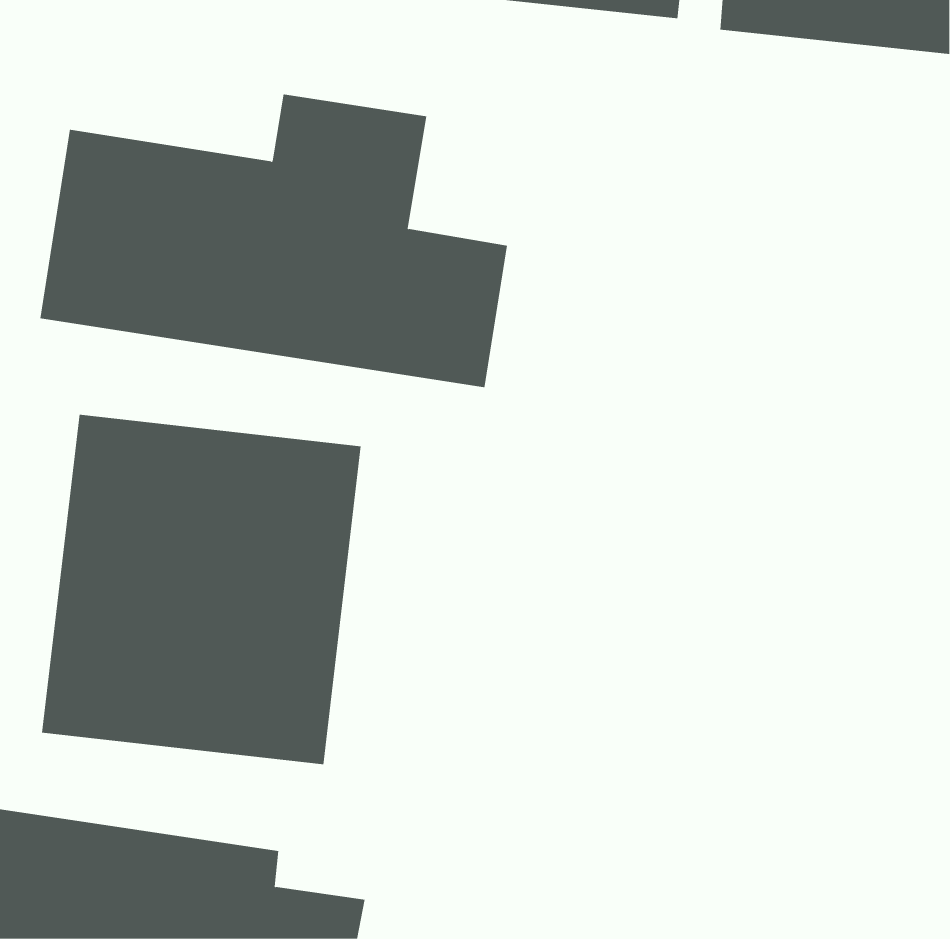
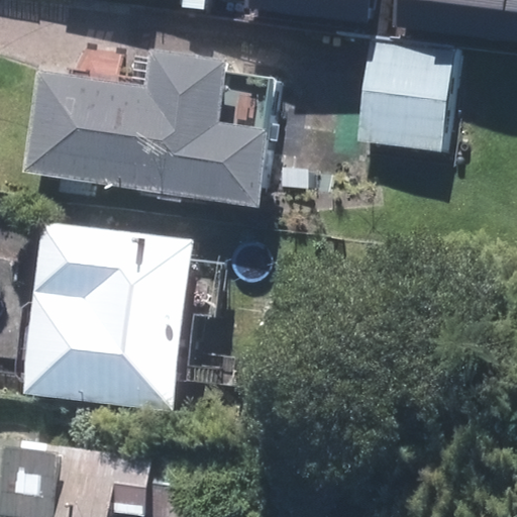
building: none -> [357,38,452,148]

